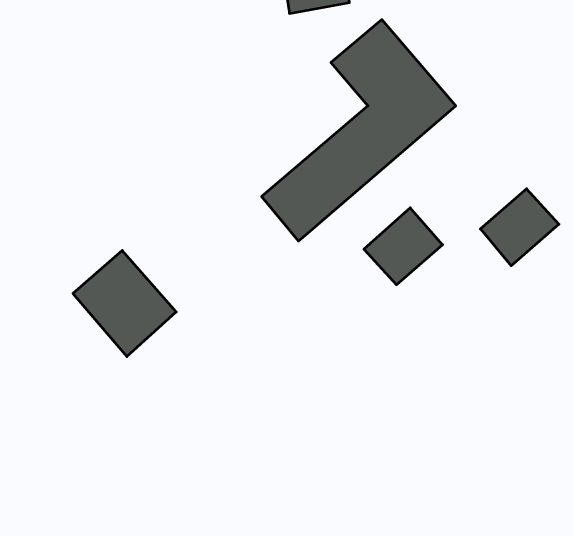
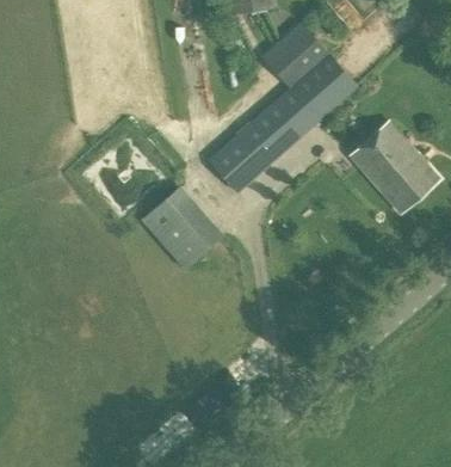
building: [364,208,443,285] -> [352,124,413,184]
building: [73,250,176,357] -> [142,188,222,270]

